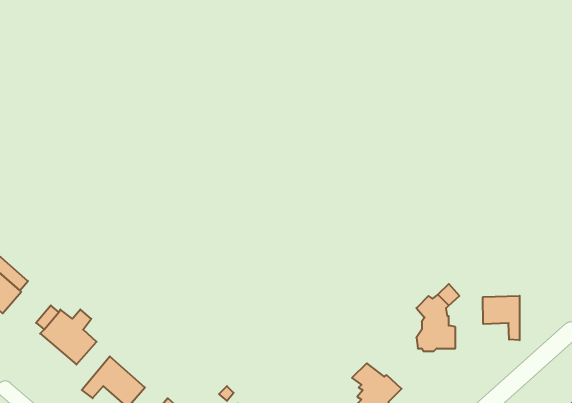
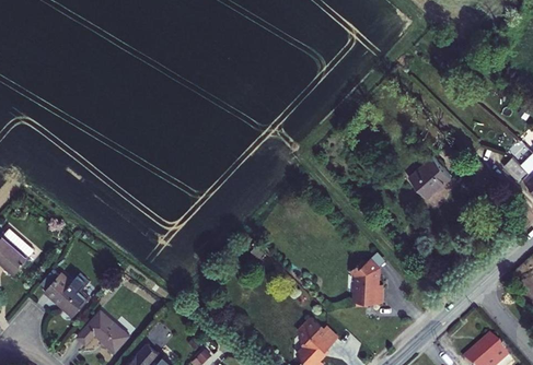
building: none -> [408,156,450,198]
building: [483,296,520,340] -> none

